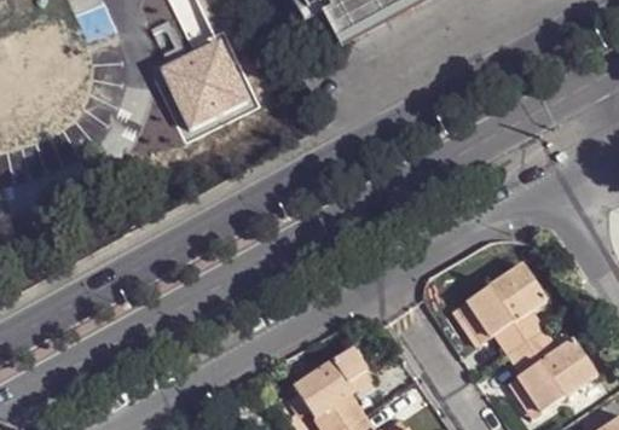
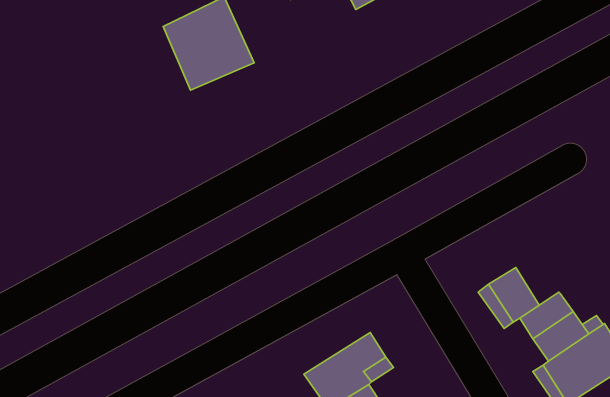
building: [487,262,545,319] -> none

